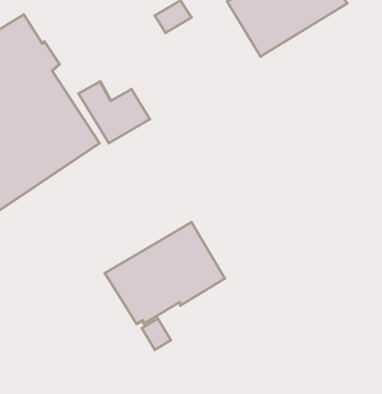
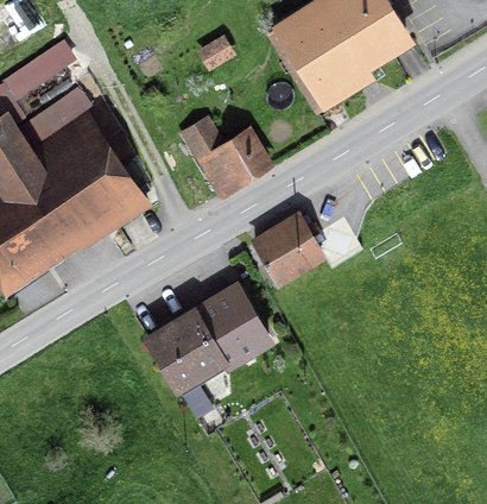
building: [78,81,150,143] -> [186,127,265,195]
building: none -> [254,220,322,282]

